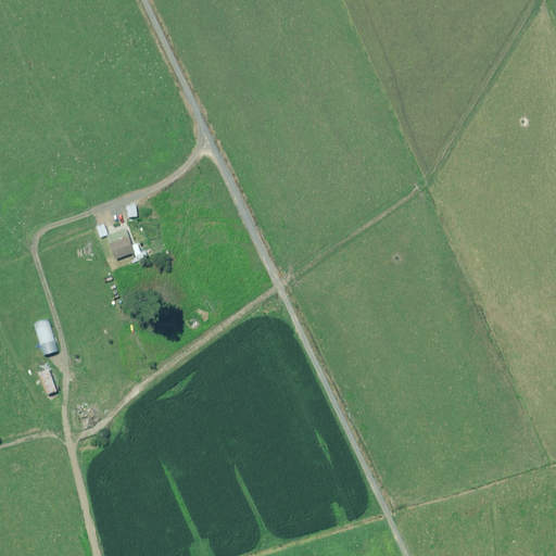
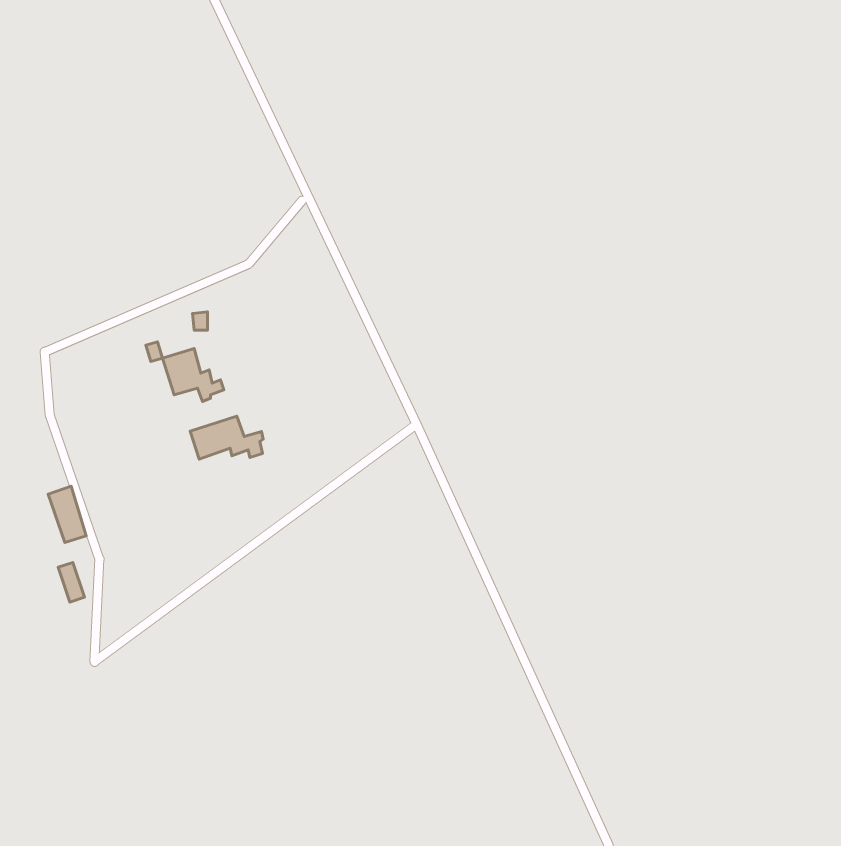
building: none -> [190,416,263,459]

